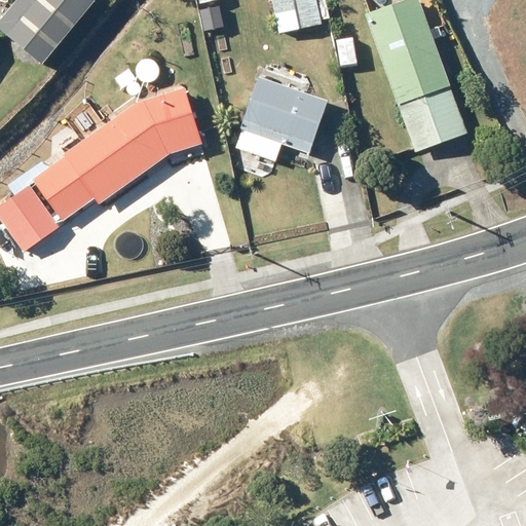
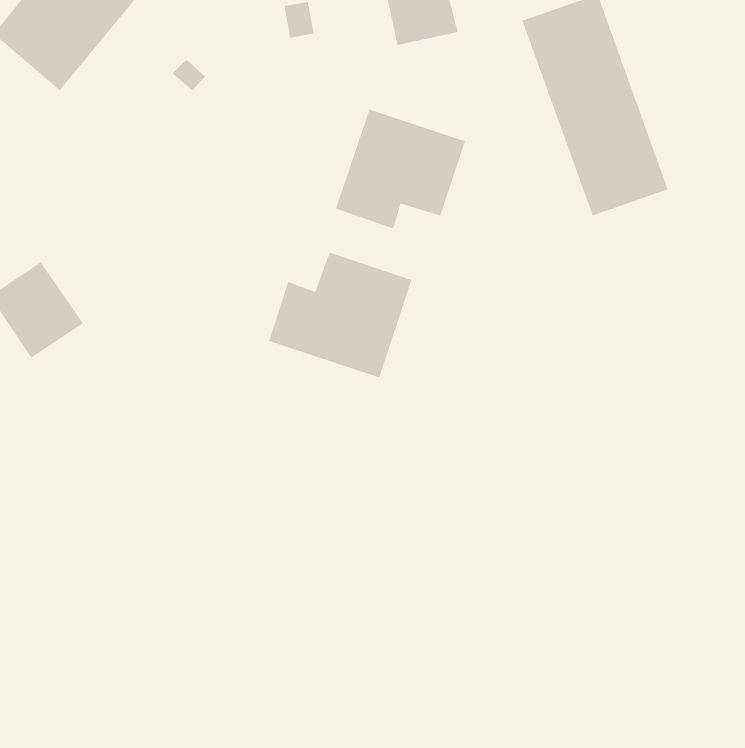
building: [31,87,199,220] -> none
building: none -> [269,252,412,378]

